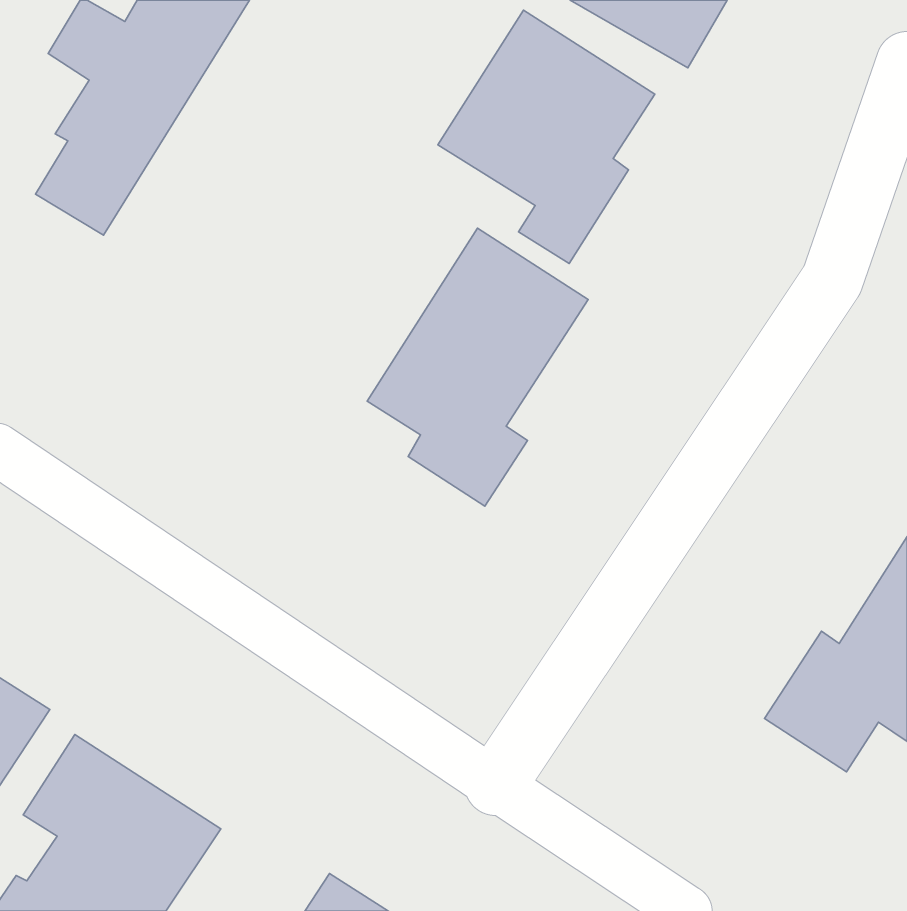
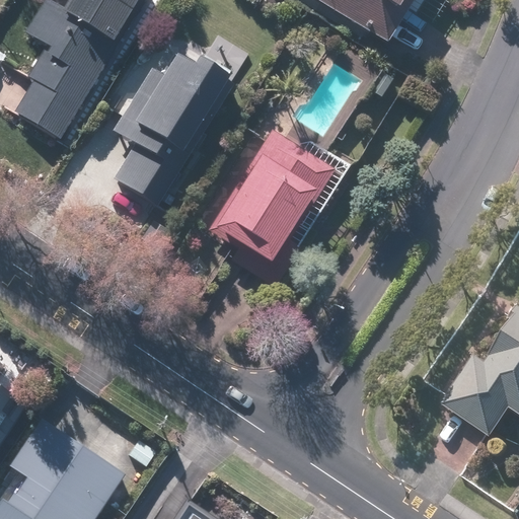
building: [438,10,655,264] -> none
building: none -> [119,47,237,197]

